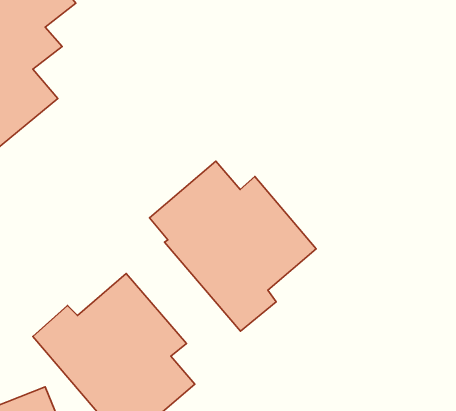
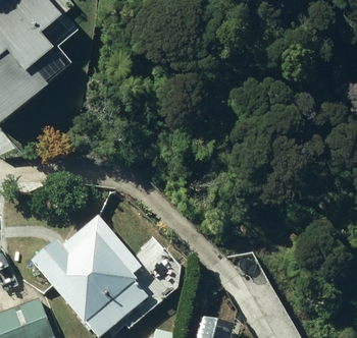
building: [149,161,316,331] -> none

